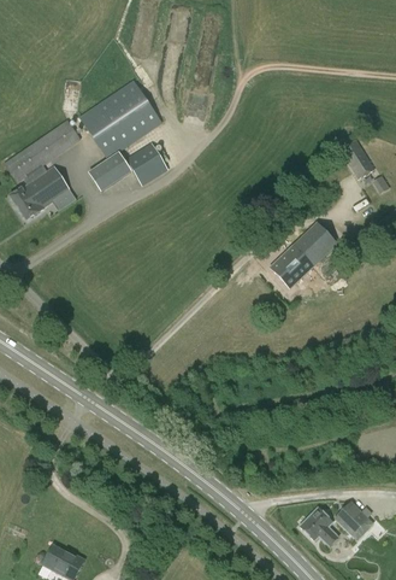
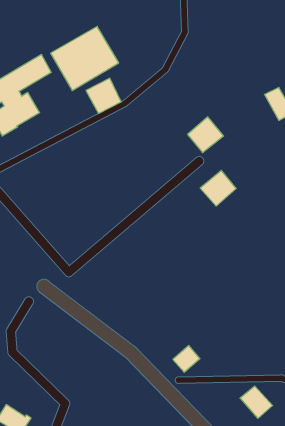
building: [89,153,131,192] -> none
building: [294,222,337,265] -> [188,117,224,153]
building: [300,508,332,540] -> [173,346,200,372]

